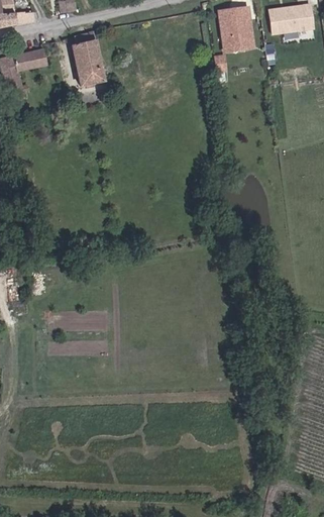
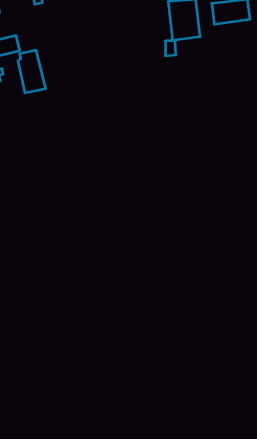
building: [72,30,104,80] -> [18,50,46,93]

